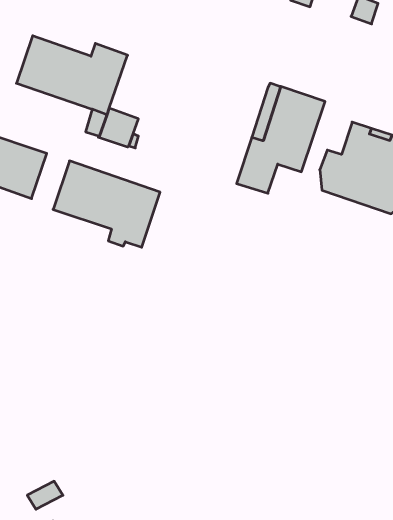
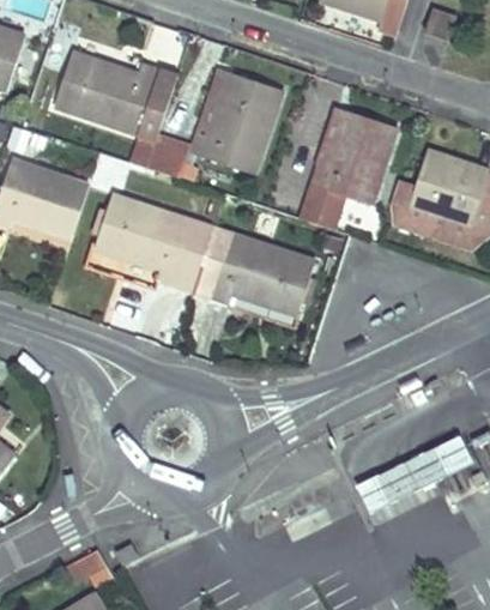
building: none -> [189,68,282,174]
building: none -> [192,225,314,312]
building: none -> [370,445,452,505]

